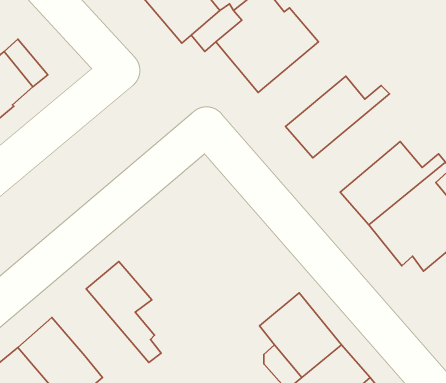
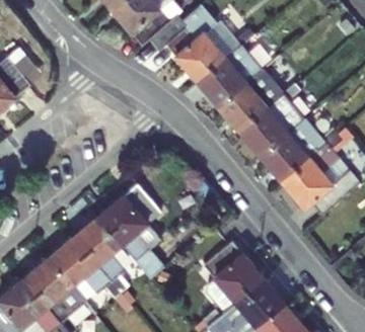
building: none -> [200,47,265,109]
building: none -> [240,85,305,158]
building: none -> [96,175,160,264]
building: none -> [47,230,119,289]

